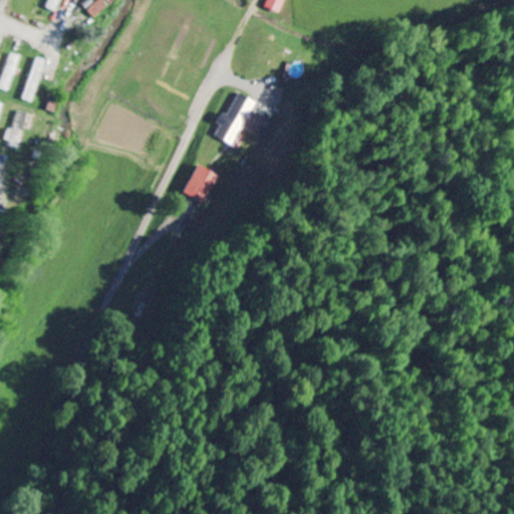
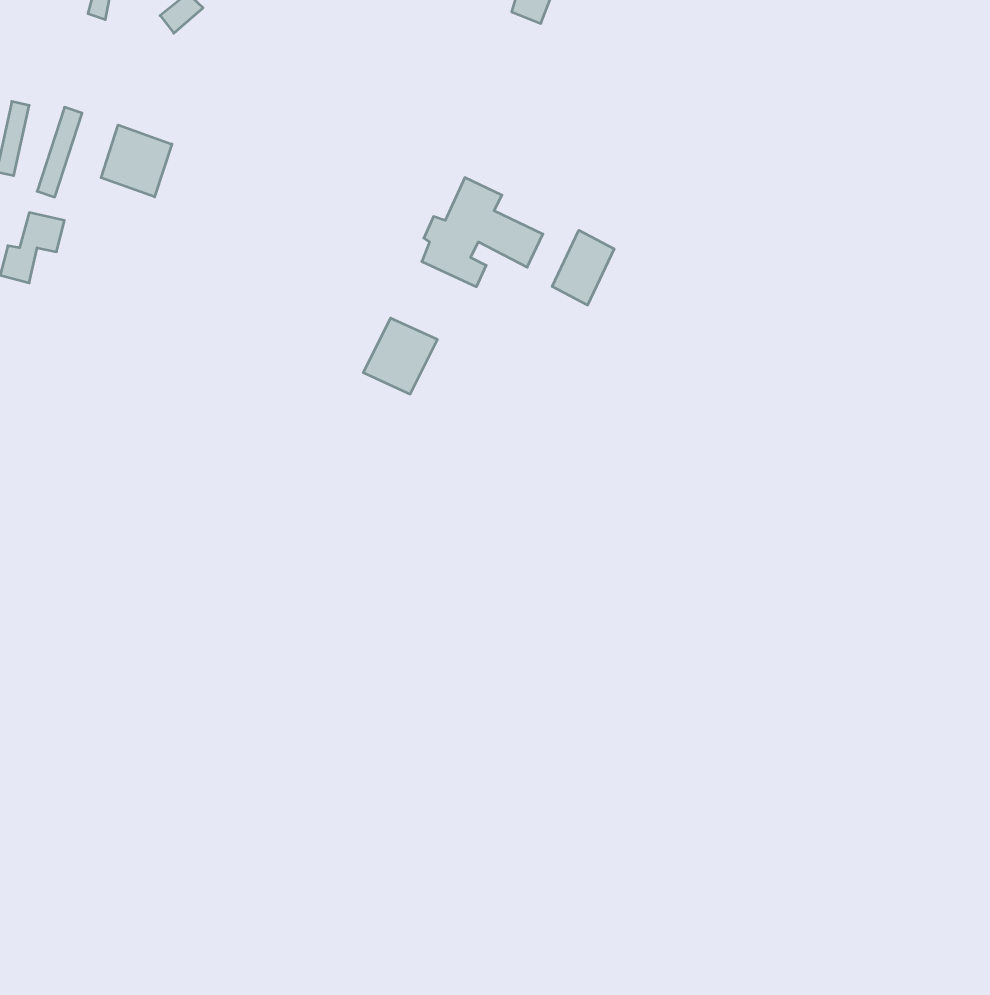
building: none -> [101,125,172,197]
building: none -> [552,230,614,305]

